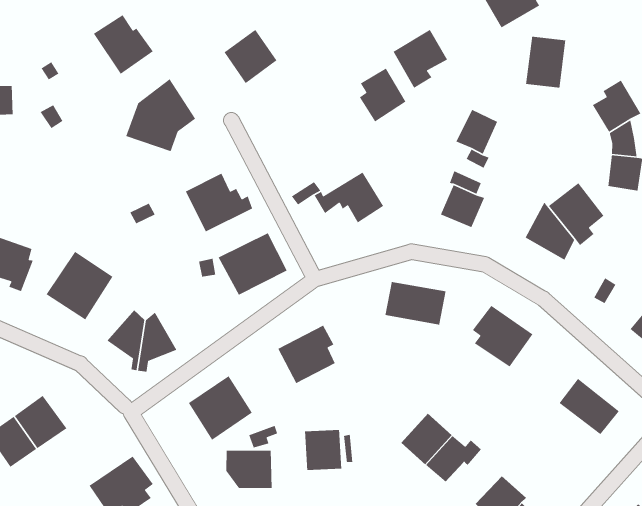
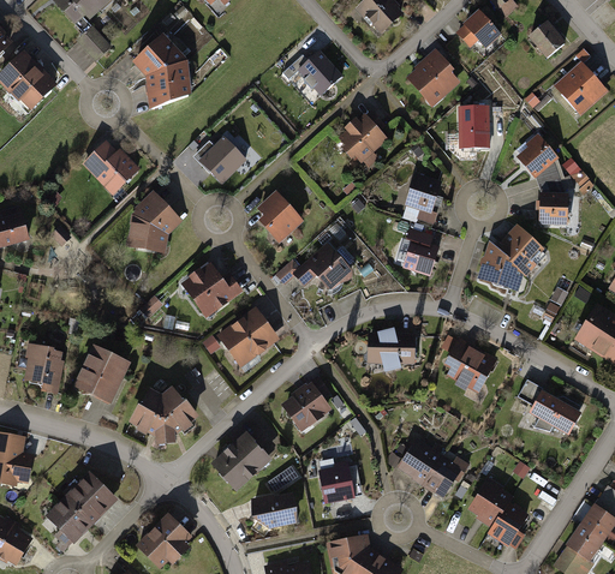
building: [359,67,407,122] -> [258,191,300,239]

